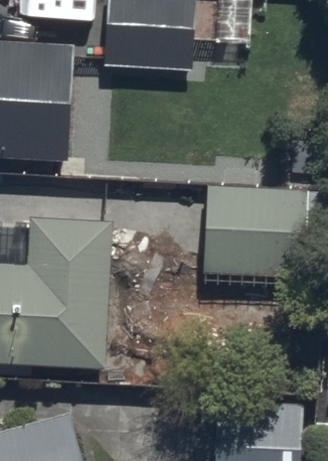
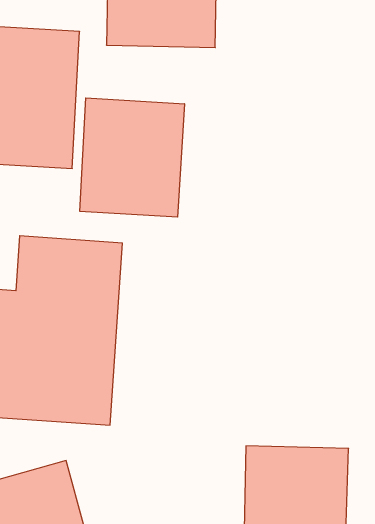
building: none -> [80,98,184,217]
building: [199,179,307,270] -> none

